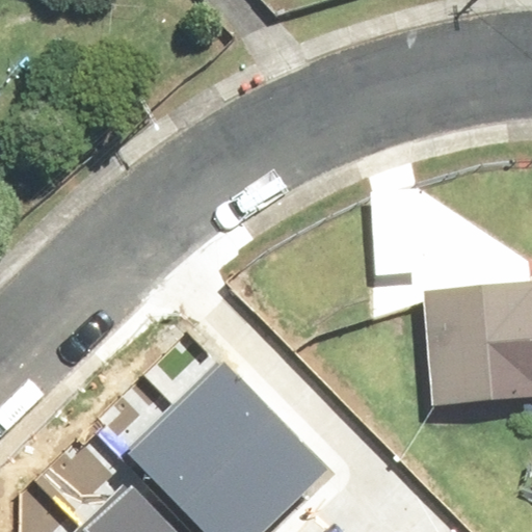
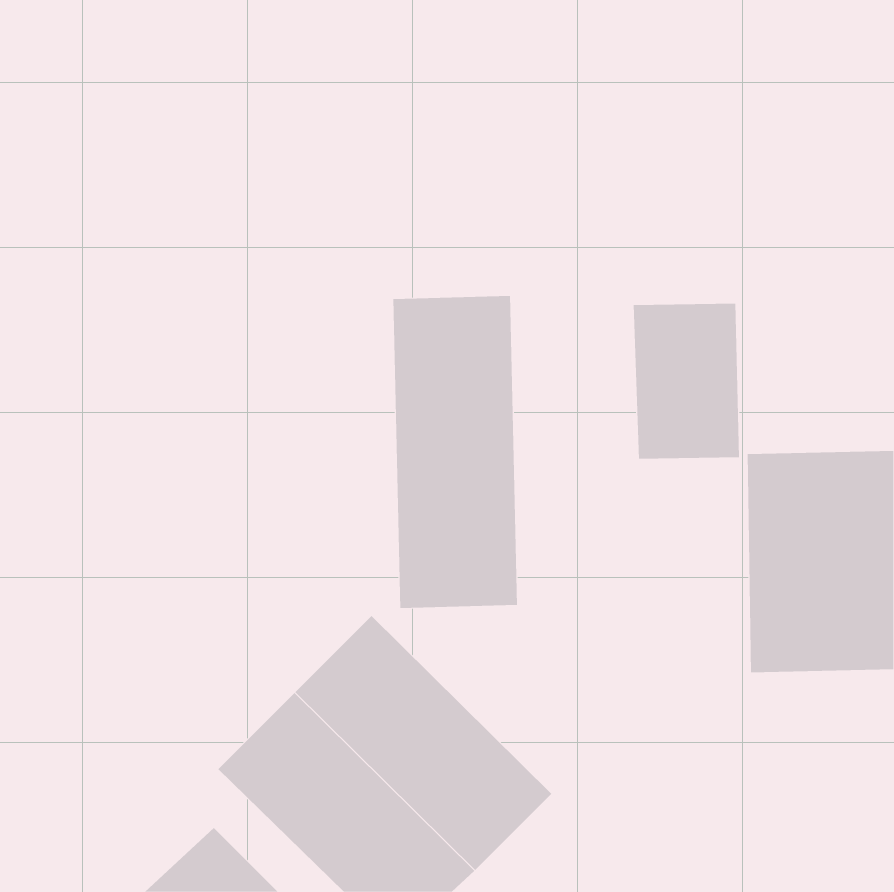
building: none -> [393,295,517,609]

